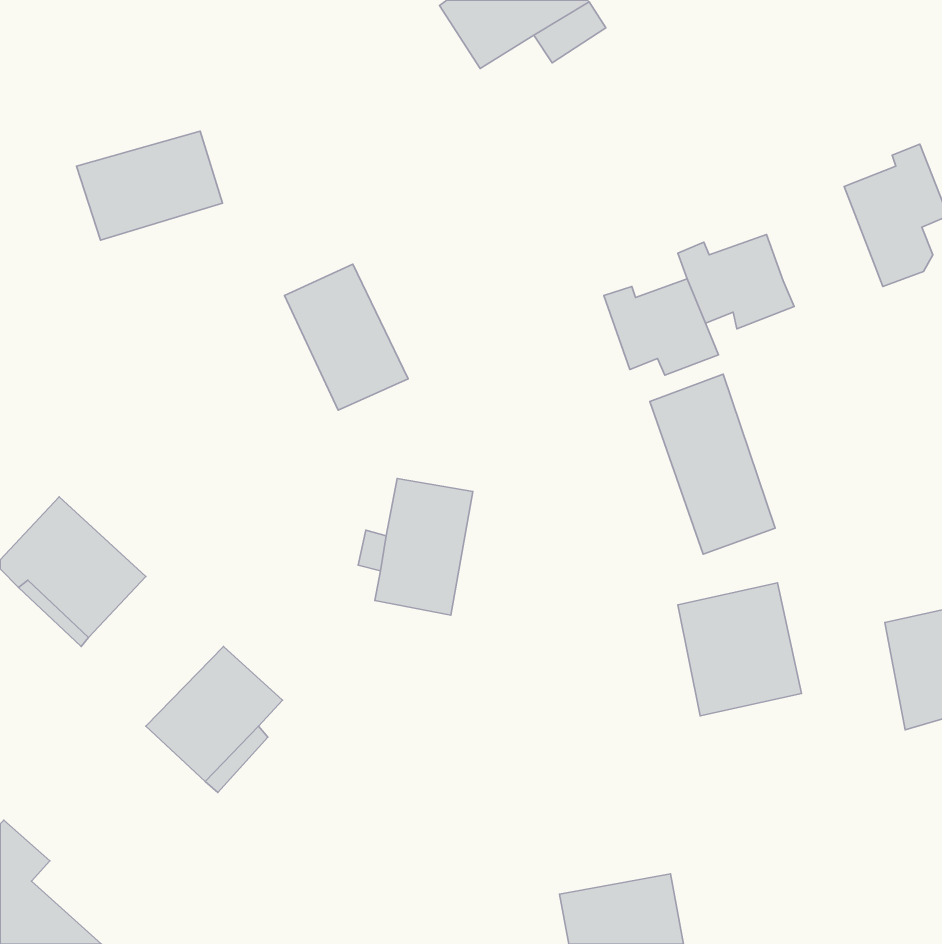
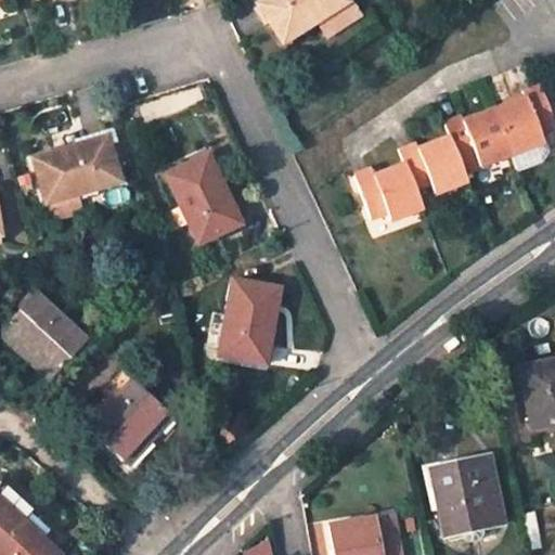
building: [76,131,222,240] -> [35,138,120,202]
building: none -> [444,109,514,166]
building: [650,374,775,554] -> none
building: [678,583,802,716] -> [431,456,504,534]

